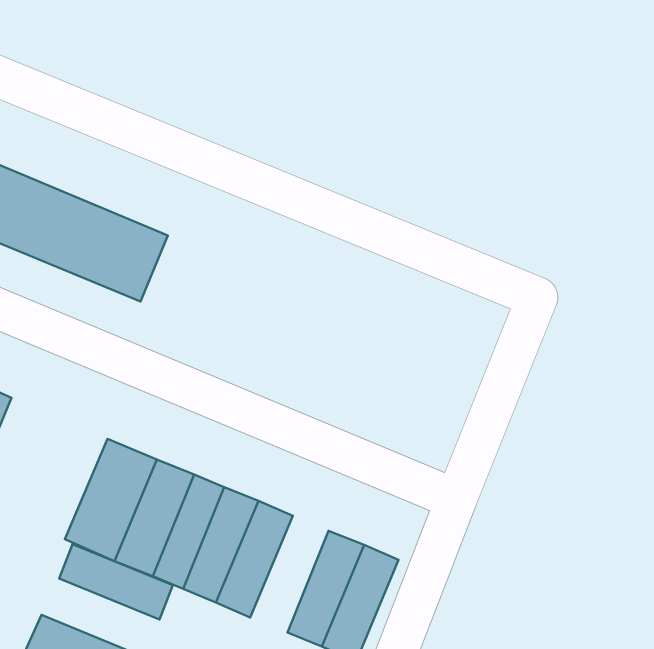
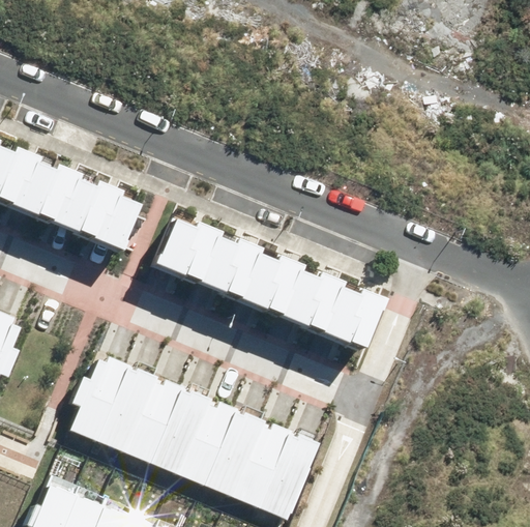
building: none -> [154,214,388,351]
building: none -> [207,411,266,499]
building: [59,544,173,620] -> none

